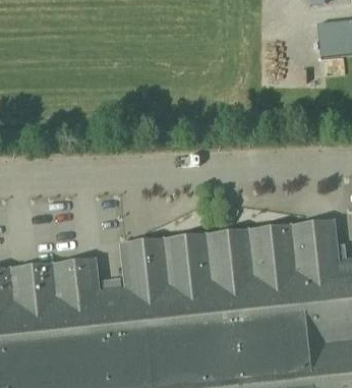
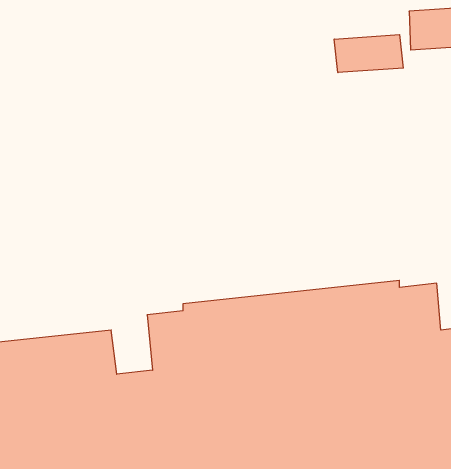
building: none -> [334,35,403,73]

